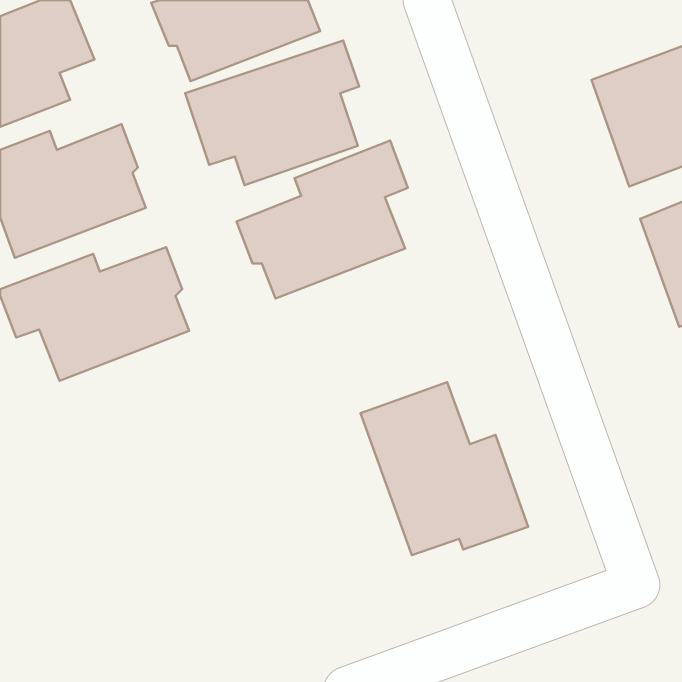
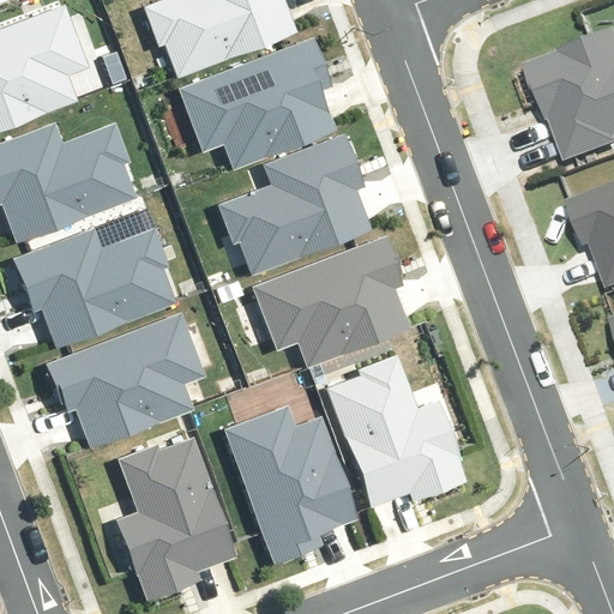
building: none -> [249,243,404,372]
building: none -> [36,313,191,441]
building: none -> [219,402,363,565]
building: none -> [119,431,243,603]

